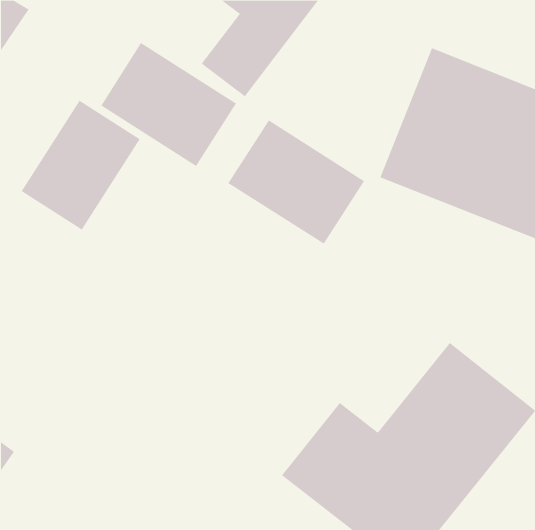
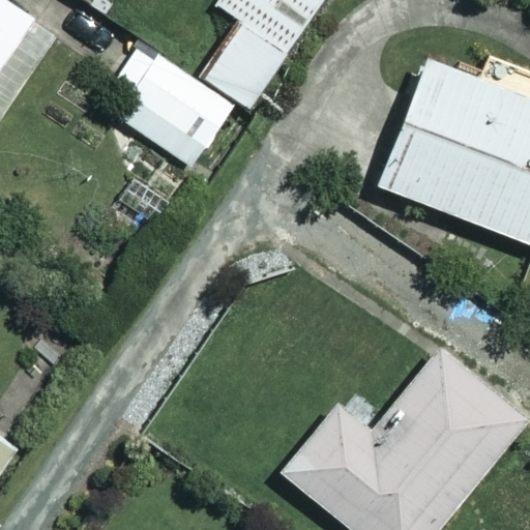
building: [21,100,140,231] -> none
building: [228,119,365,245] -> none

